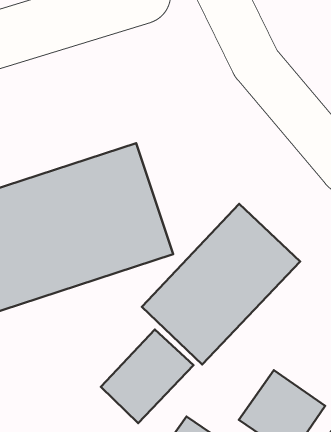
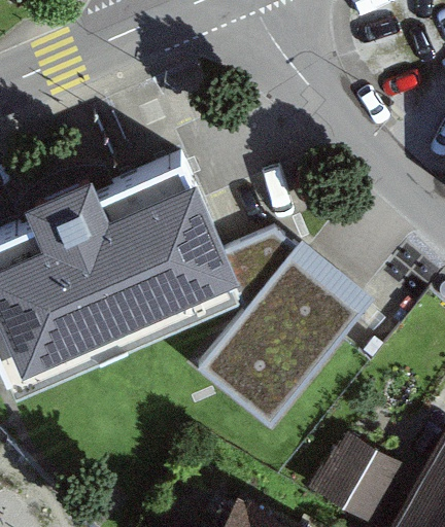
building: [101,330,193,423] -> none

